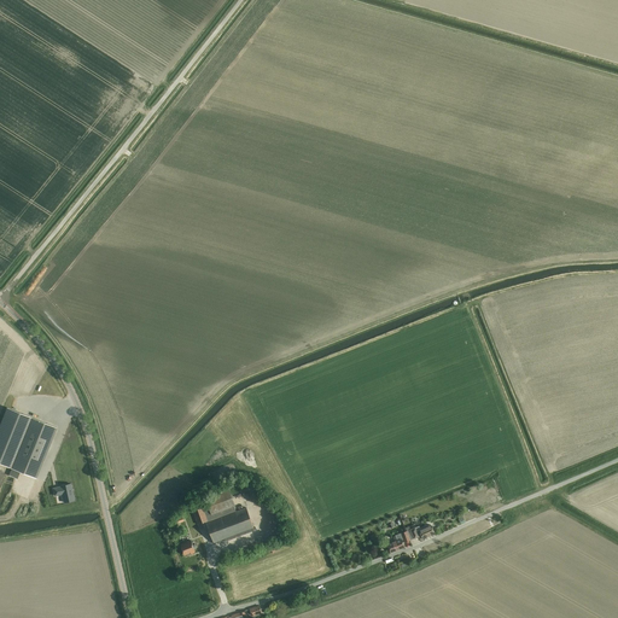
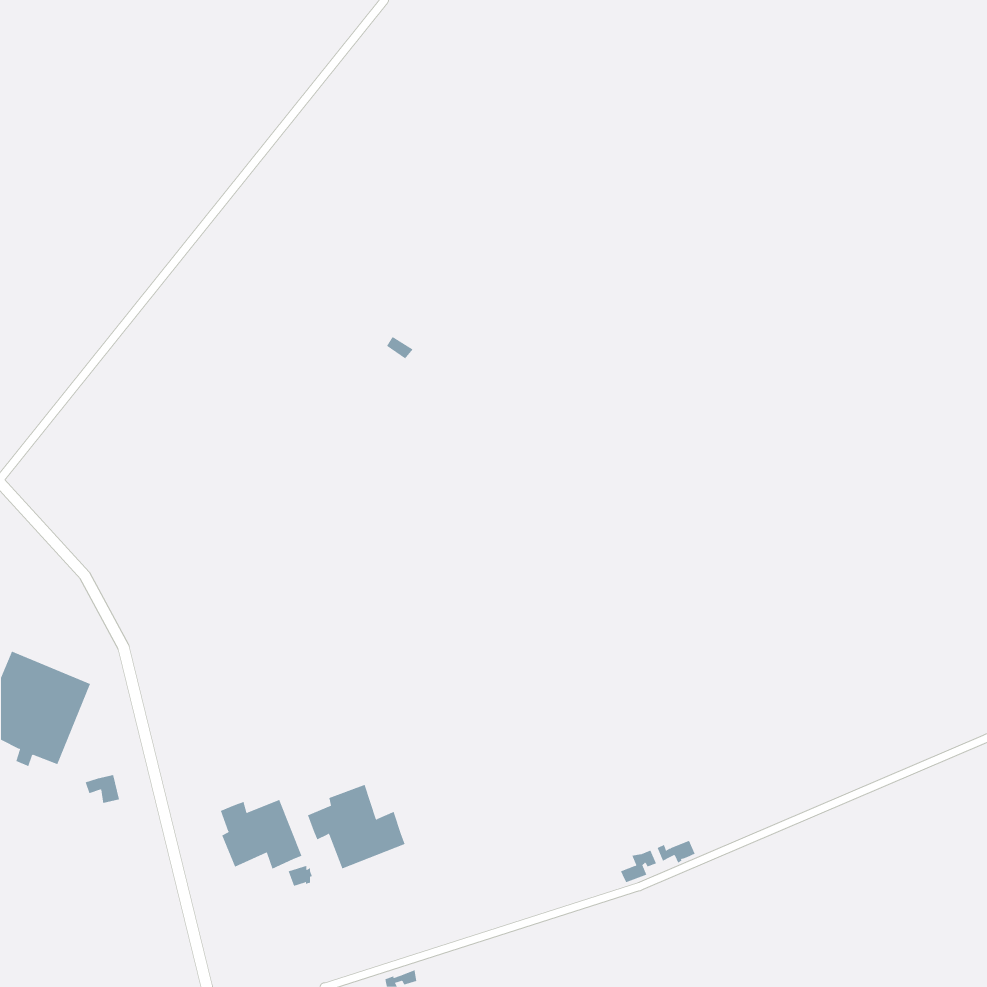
building: none -> [220,799,302,869]

